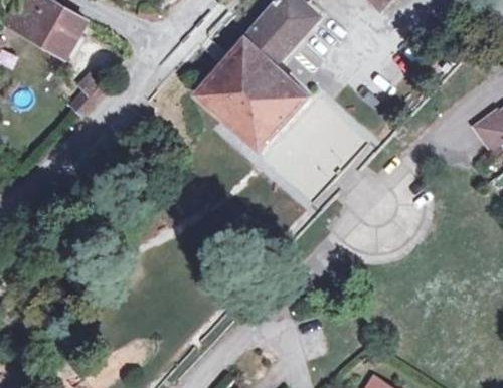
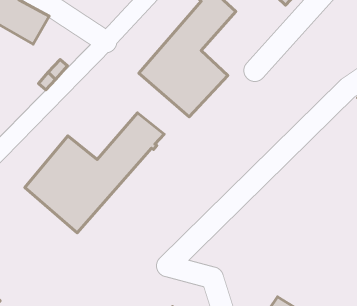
building: none -> [25,113,164,233]

